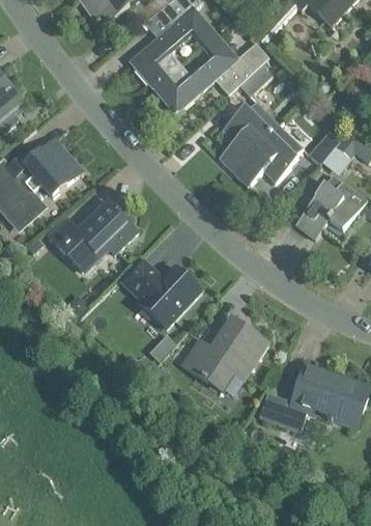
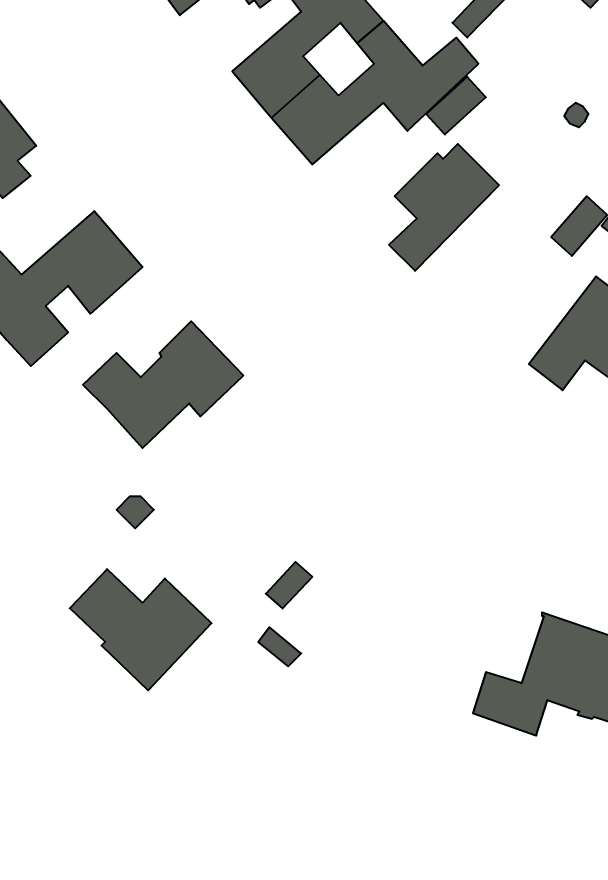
building: [232,123,303,186] -> none
building: [121,259,200,327] -> [70,569,212,690]
building: [181,316,267,389] -> none

